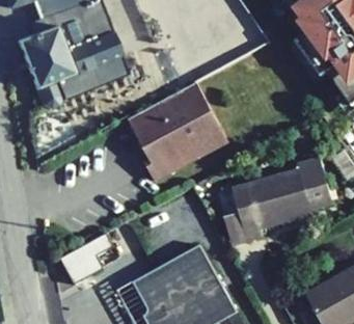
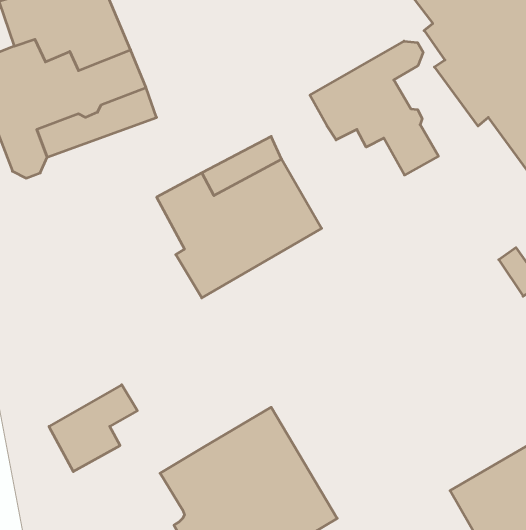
building: none -> [310,41,438,175]
building: [235,157,332,239] -> none

